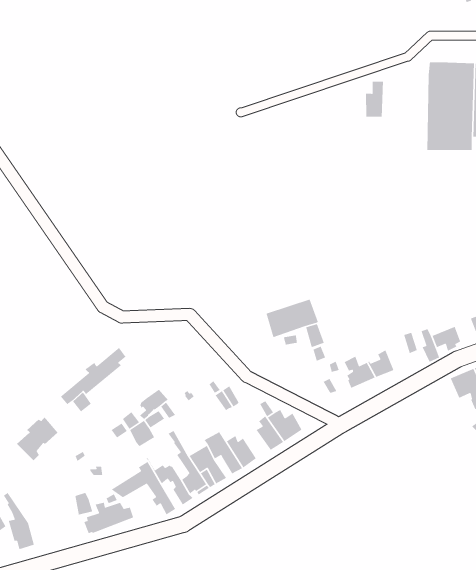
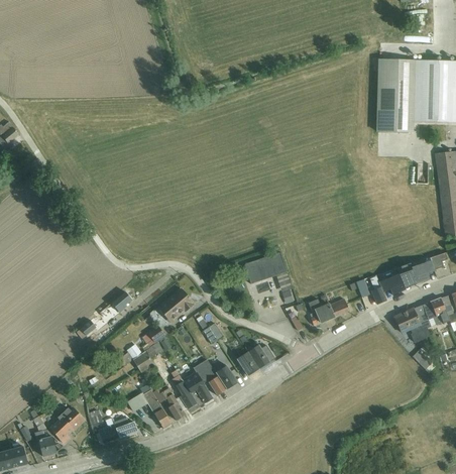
building: [365,81,384,118] -> none
building: none -> [157,288,193,322]
building: [16,416,58,461] -> [49,406,84,443]

